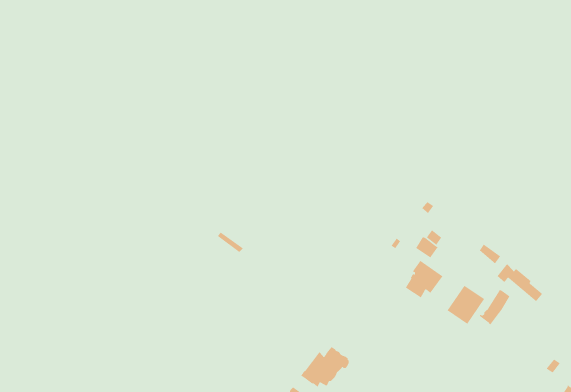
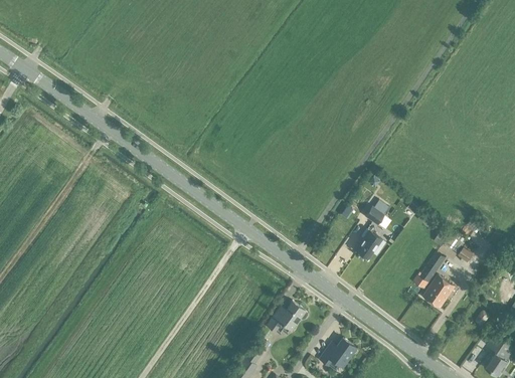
building: [447,285,485,325] -> [422,274,456,309]

